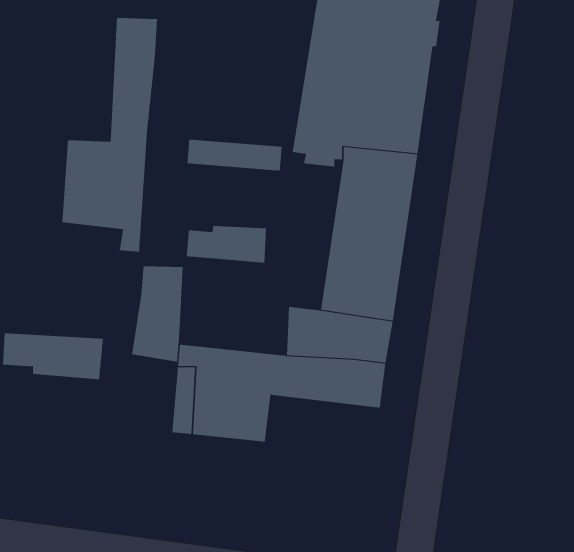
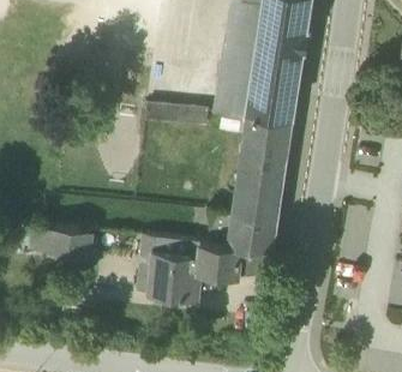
building: [62,17,157,253] -> none
building: [186,225,267,263] -> none
building: [131,265,183,362] -> none

